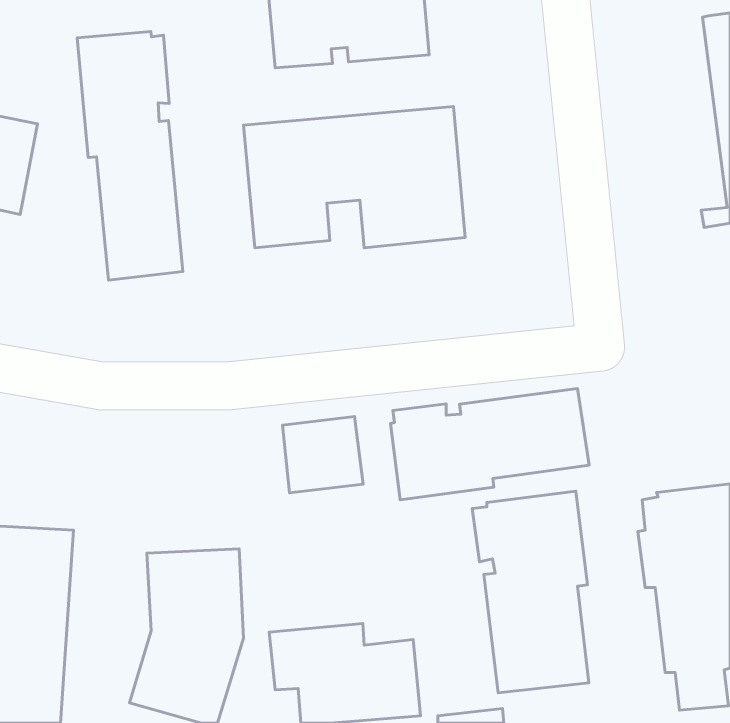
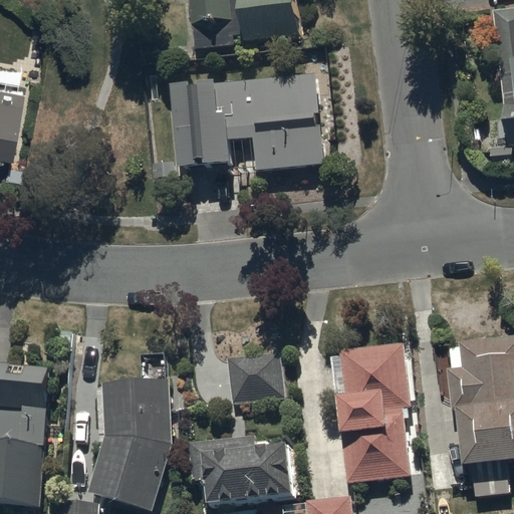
building: [77,31,183,280] -> none
building: [390,388,589,500] -> none
building: [282,416,363,493] -> [225,347,281,401]

